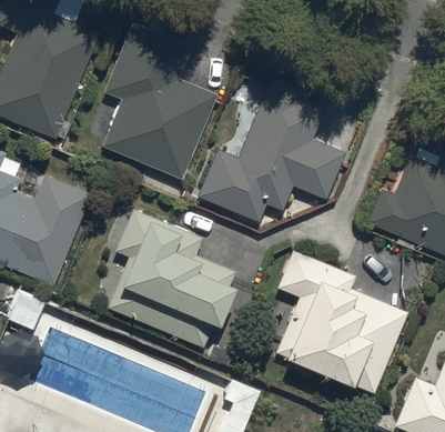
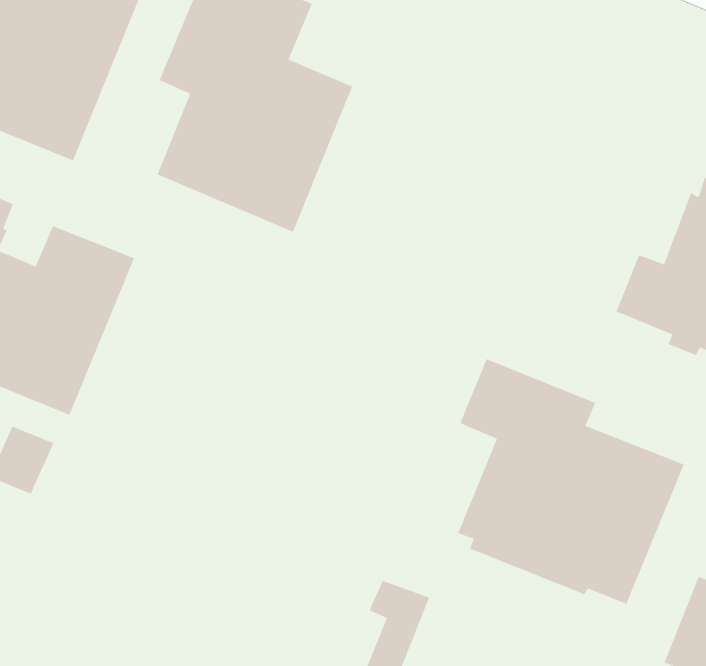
building: [199,70,346,221] -> none
building: [108,209,236,348] -> none

